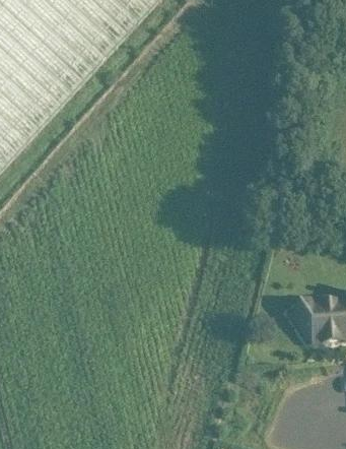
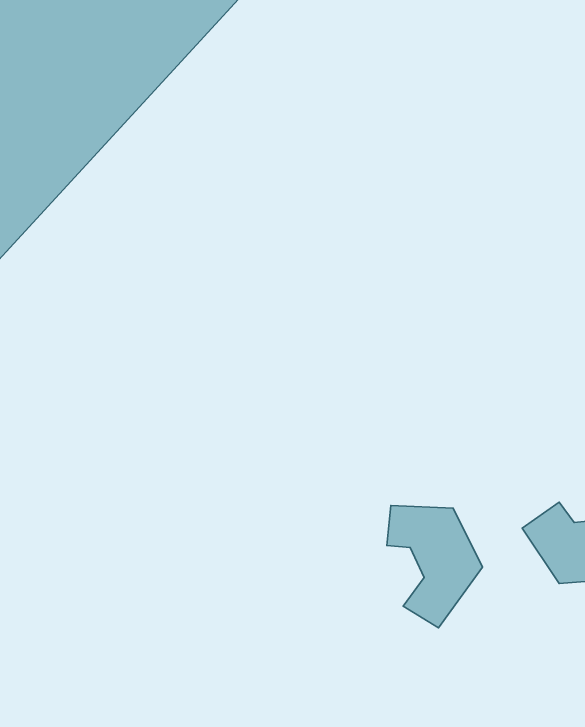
building: none -> [387,505,483,628]

